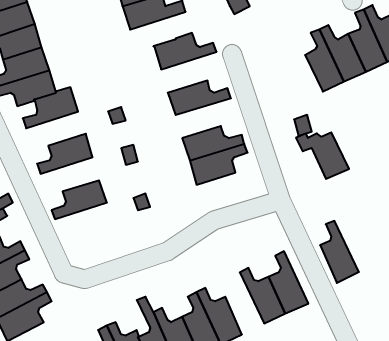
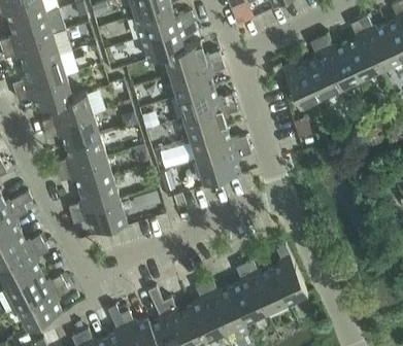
building: none -> [142,24,197,62]
building: none -> [171,61,225,99]
building: none -> [184,104,238,141]
building: none -> [45,116,101,148]
building: [296,132,349,179] -> [272,64,322,107]
building: none -> [59,159,113,191]
building: none -> [72,201,128,234]
building: [320,221,359,283] -> [231,266,267,323]

